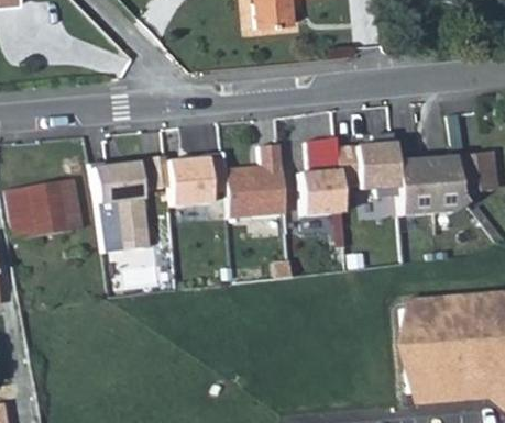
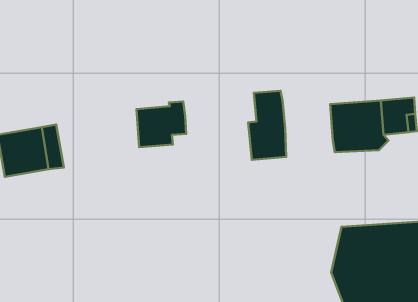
building: [337,137,395,200] -> none
building: [224,146,284,220] -> none
building: [90,158,152,249] -> none

